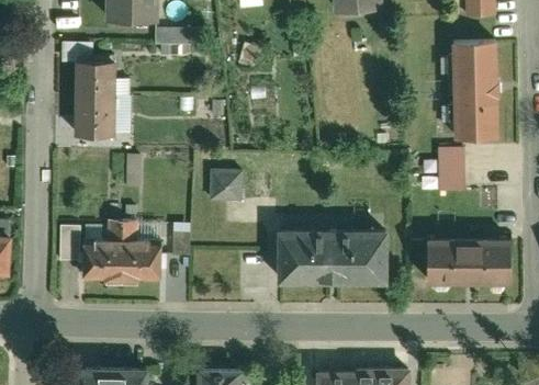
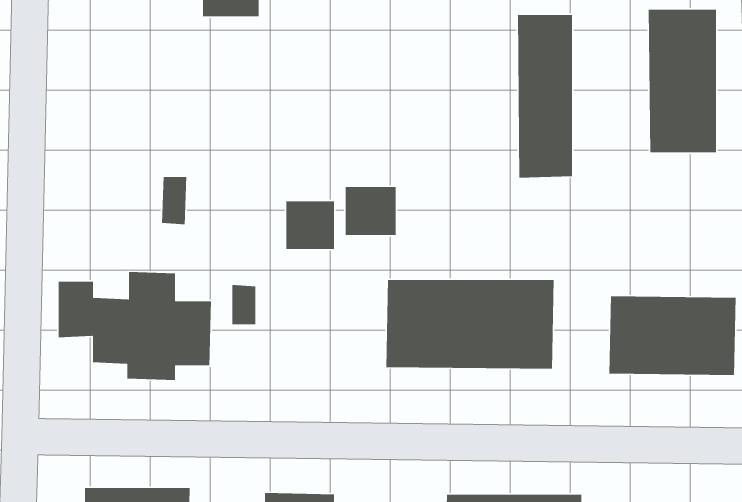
building: none -> [517,14,573,179]
building: [75,59,125,137] -> none
building: [437,148,463,194] -> none
building: none -> [345,186,396,236]

